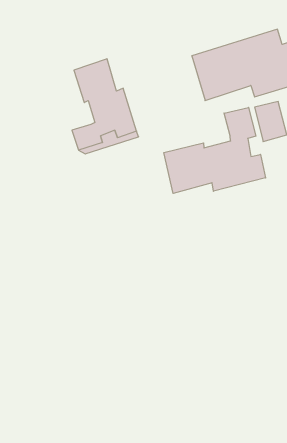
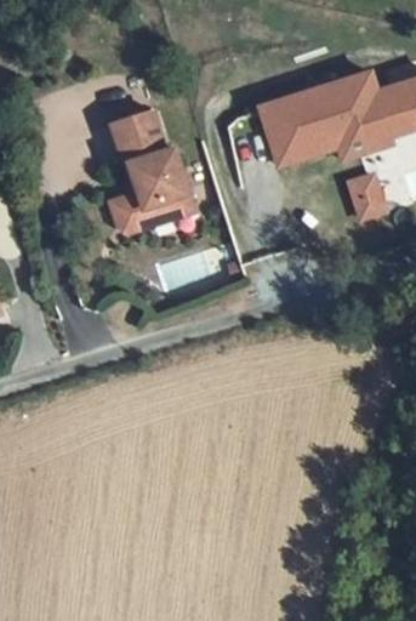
building: [164,107,266,193] -> none

